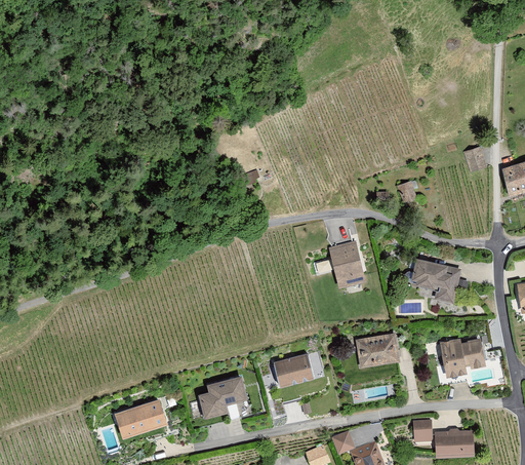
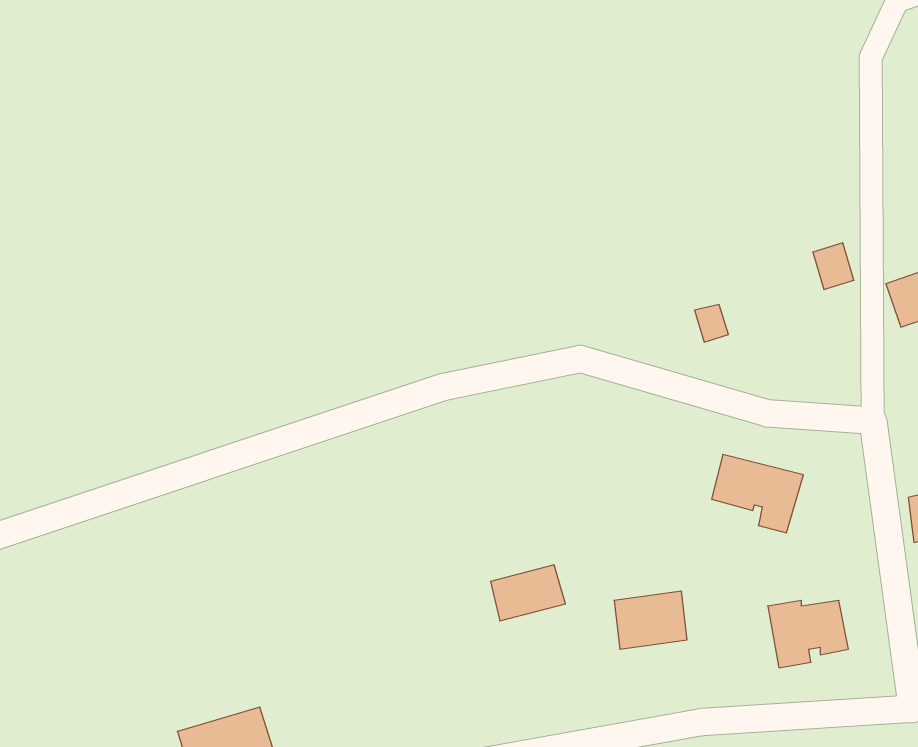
building: [331,240,365,282] -> none
building: [273,354,314,385] -> [490,565,565,621]
building: [202,375,249,415] -> none

